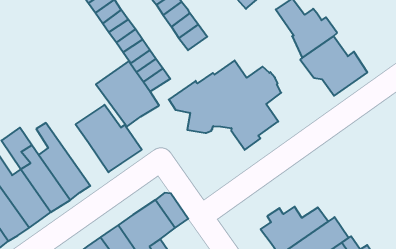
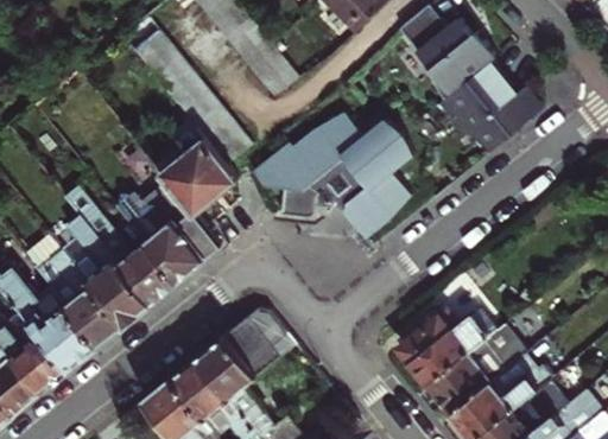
building: none -> [63,189,173,305]

